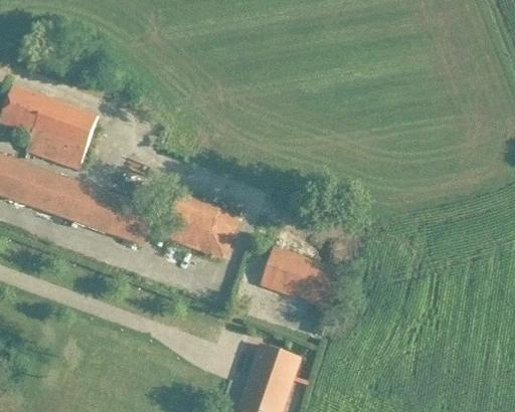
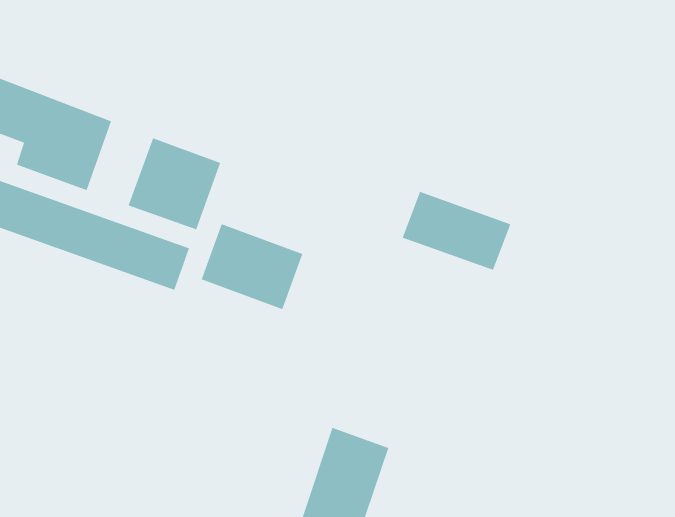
building: none -> [128,138,221,230]
building: [260,248,340,306] -> [402,191,511,271]

